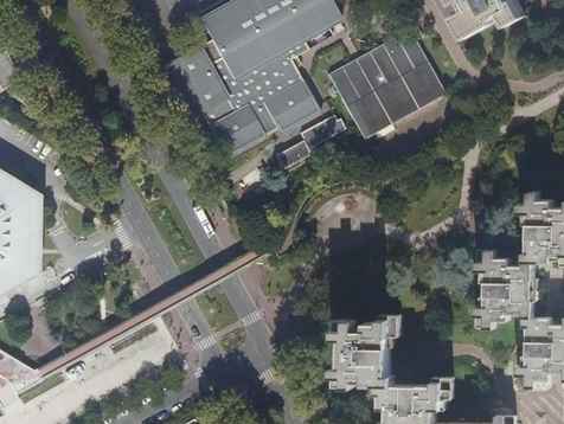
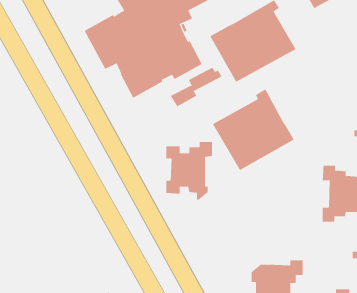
building: none -> [212,89,295,171]
building: [338,314,402,393] -> [166,141,213,200]

